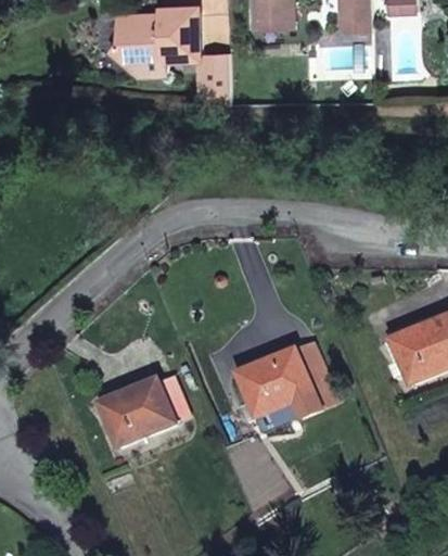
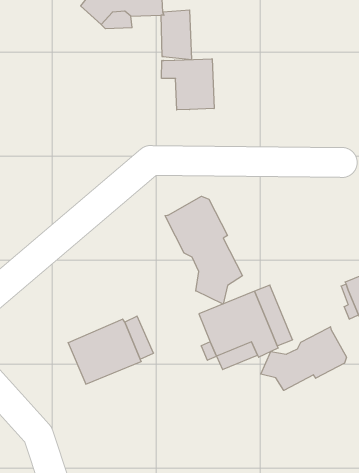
building: none -> [162,59,214,110]
building: none -> [165,196,242,304]
building: none -> [261,327,347,390]

